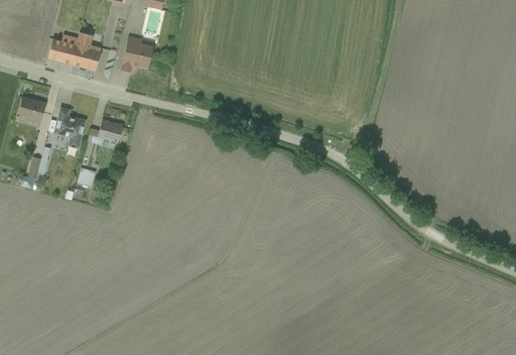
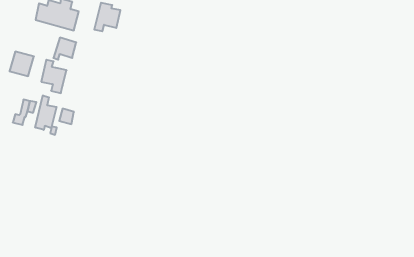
building: [95,117,123,144] -> [53,38,76,60]
building: none -> [35,95,57,130]

